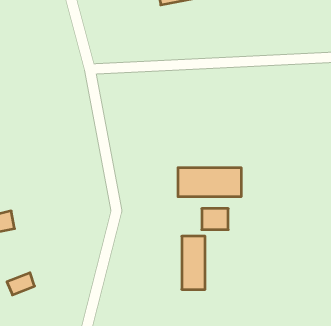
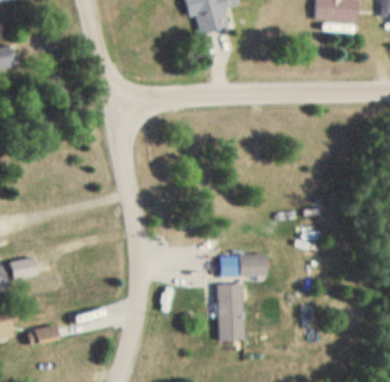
building: [178,168,241,197] -> none

